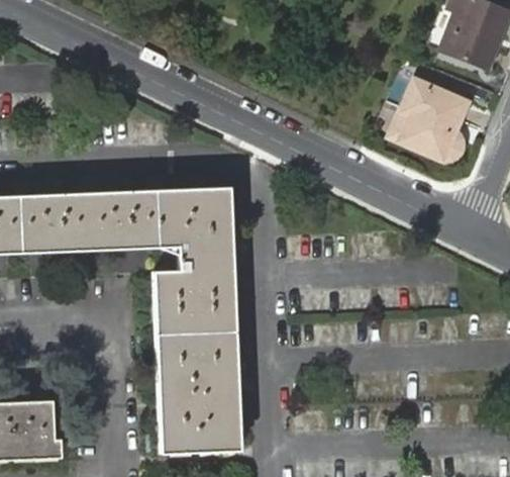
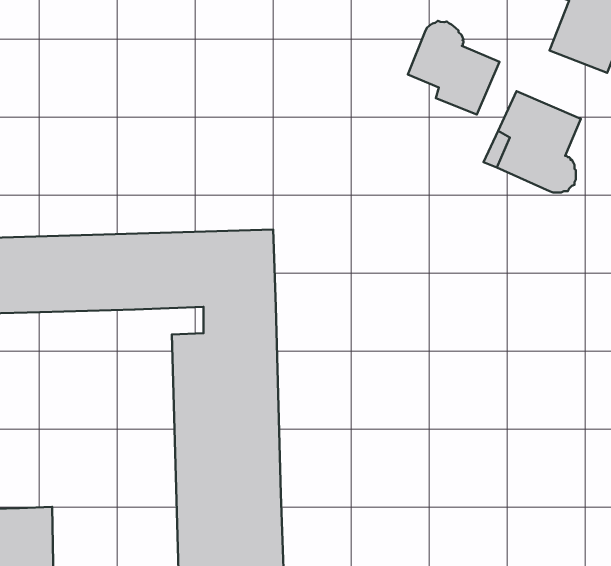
building: none -> [408,21,499,115]

